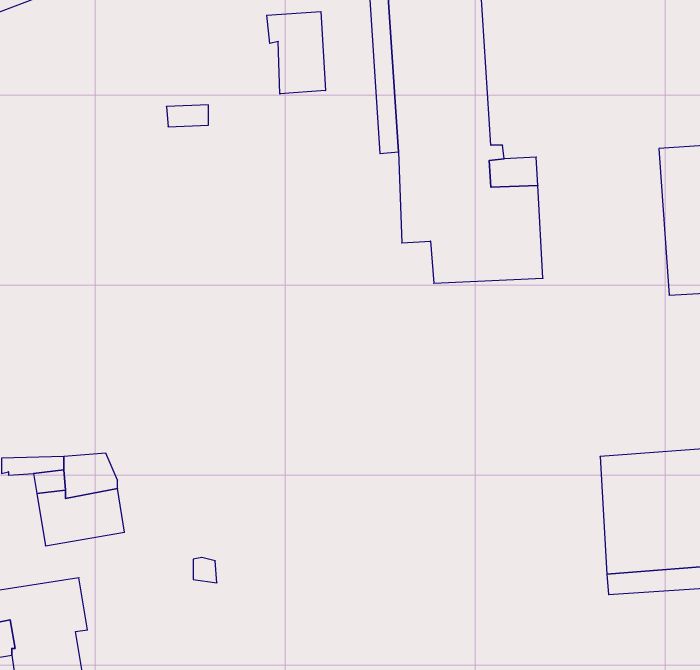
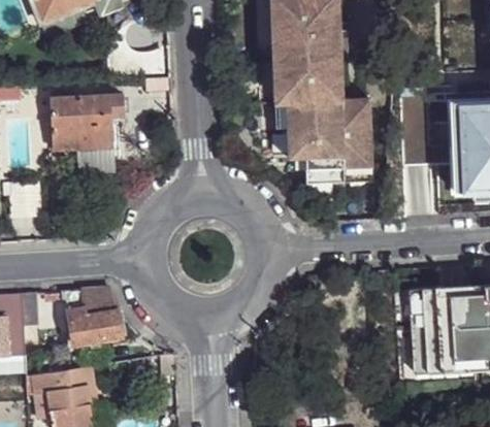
building: [267,12,325,94] -> none
building: none -> [52,94,124,147]

